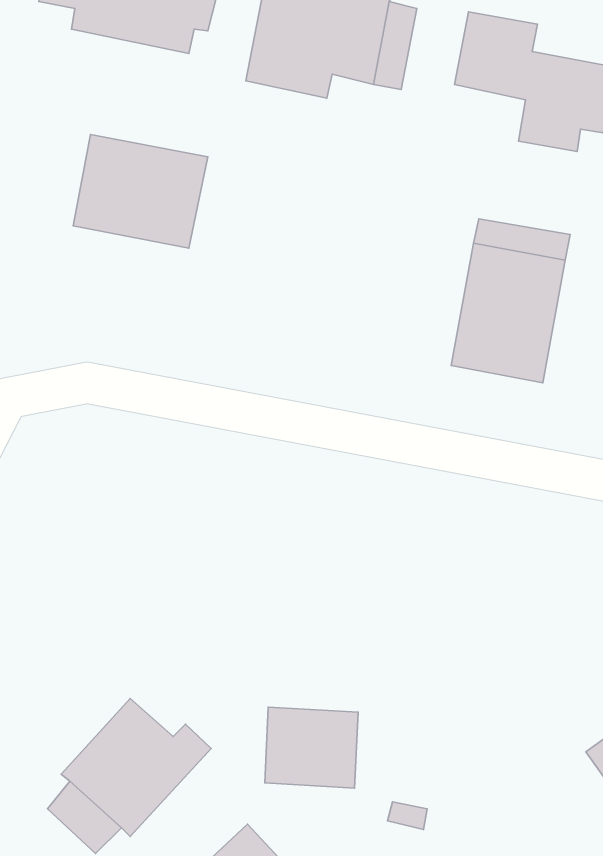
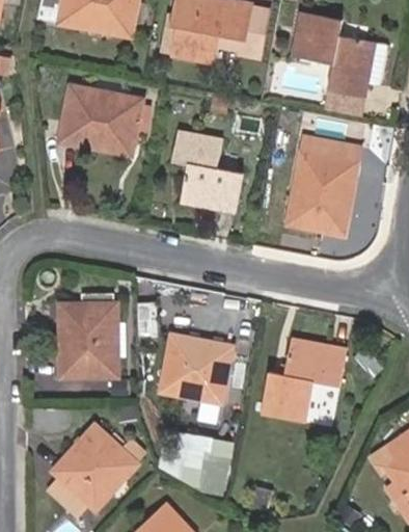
building: none -> [325,90,364,121]
building: none -> [172,130,242,213]
building: none -> [60,294,117,375]
building: none -> [162,336,231,402]
building: none -> [261,338,346,421]

